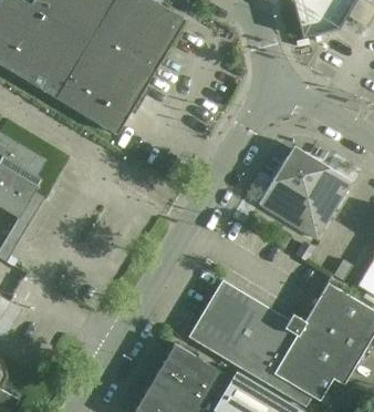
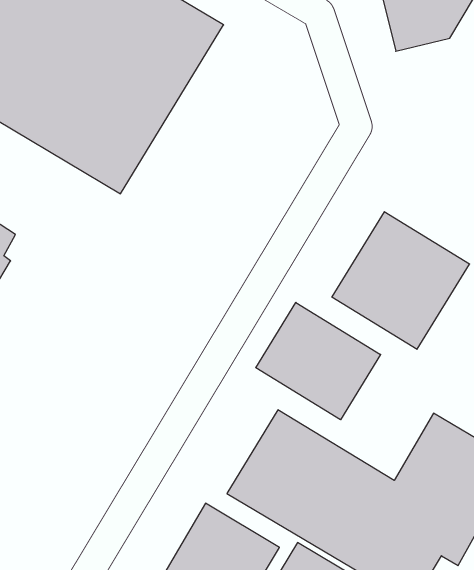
building: none -> [256,302,381,420]

